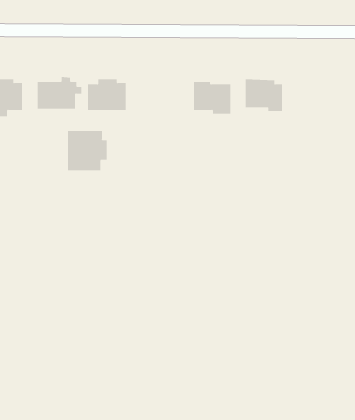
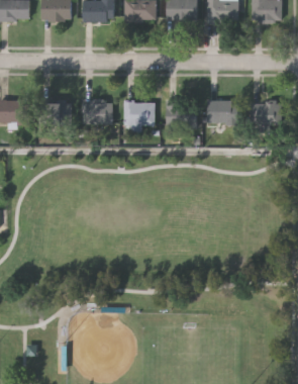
building: none -> [252,98,282,131]
building: none -> [123,100,155,132]
building: [68,130,107,171] -> none

